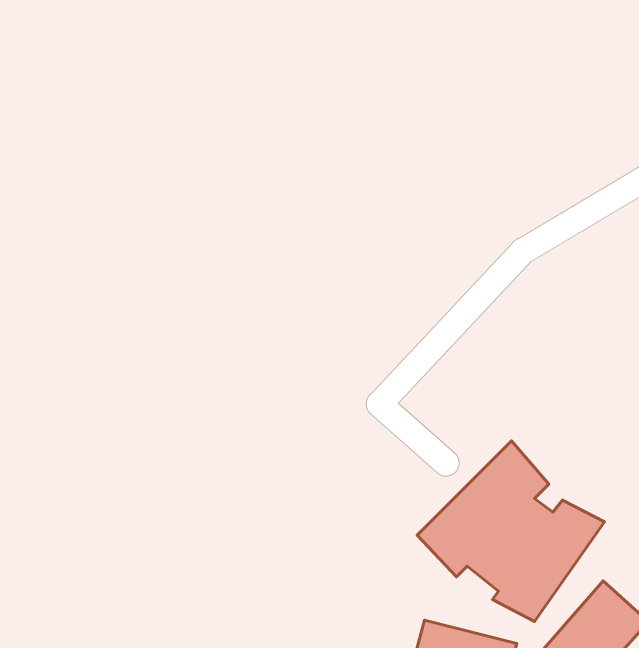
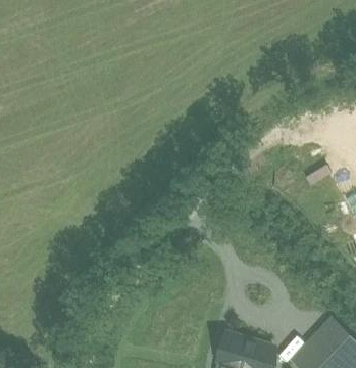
building: [417,441,604,621] -> none

